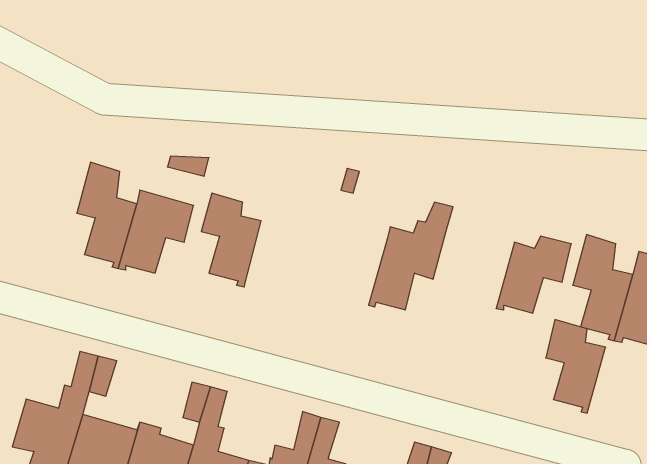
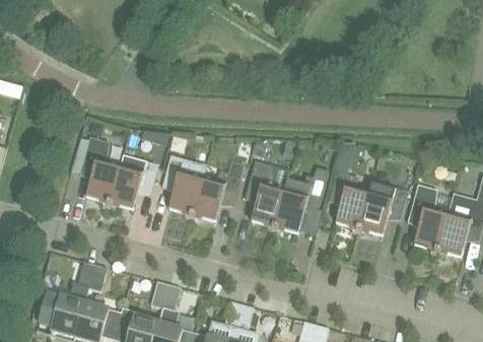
building: none -> [192,160,245,221]
building: none -> [246,160,286,230]
building: [546,320,606,413] -> [331,170,370,232]

